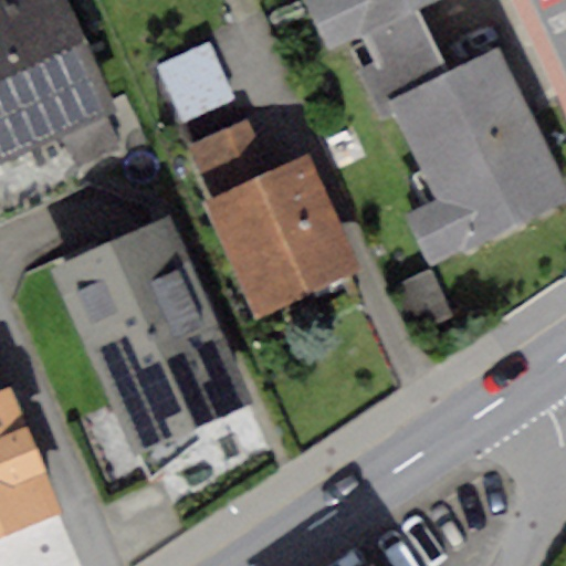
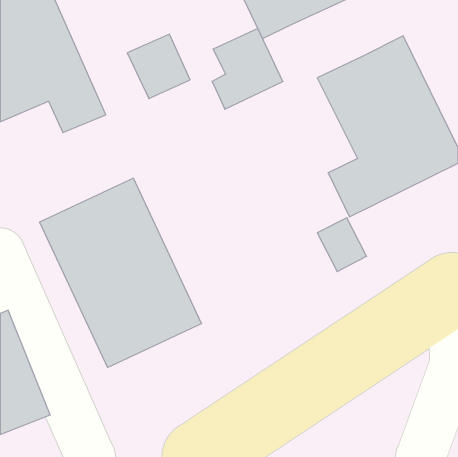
building: [359,4,447,104] -> [212,29,283,109]
building: [191,123,358,319] -> none

